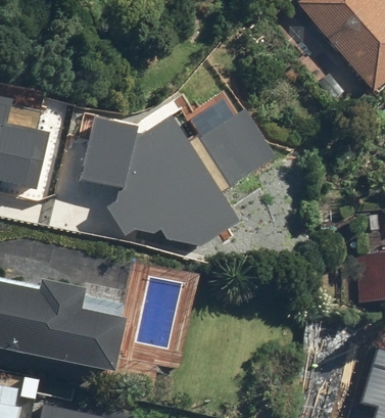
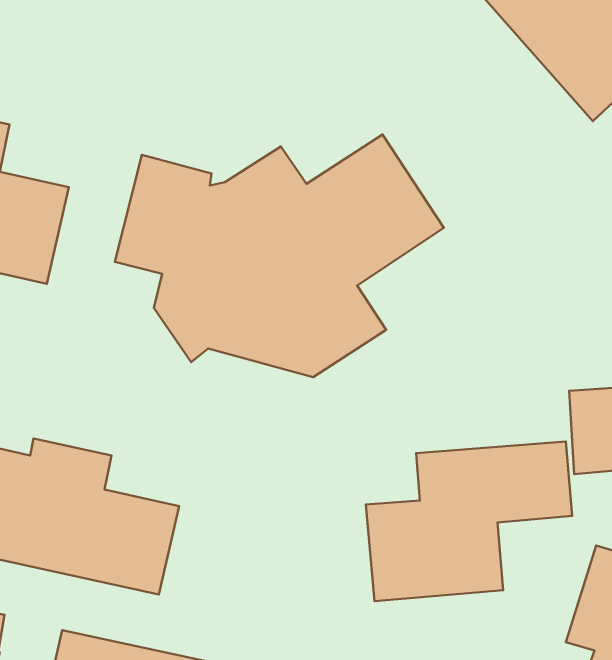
building: none -> [366,441,572,601]

